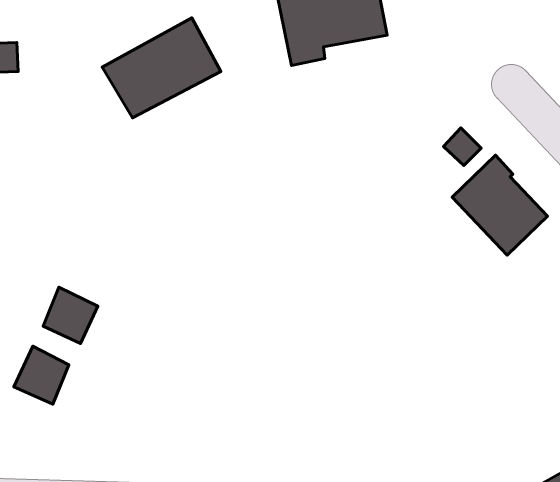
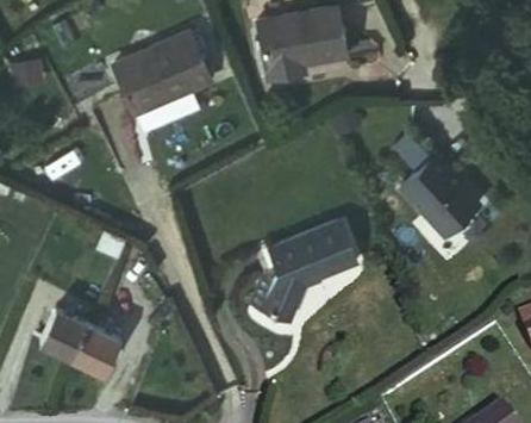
building: none -> [260,216,363,318]
building: [43,287,98,344] -> [71,325,117,372]

